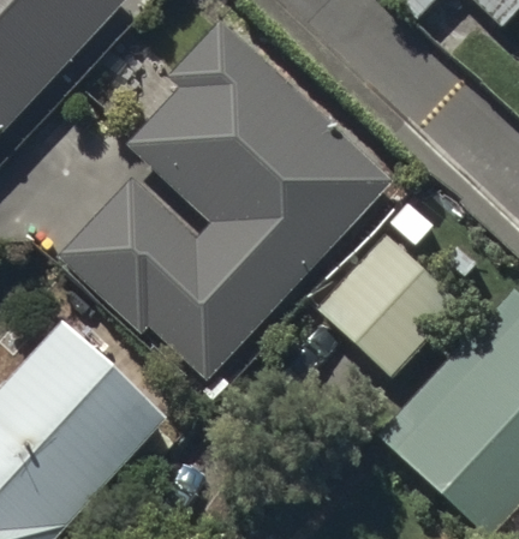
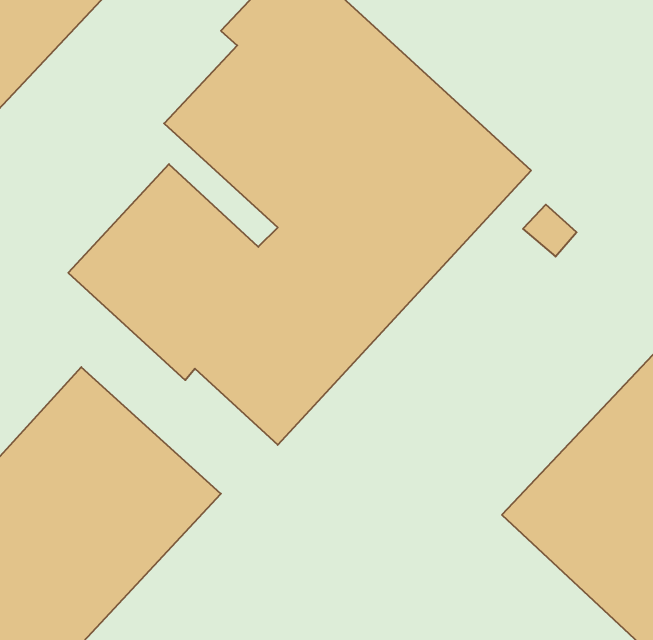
building: [317,232,459,373] -> none

